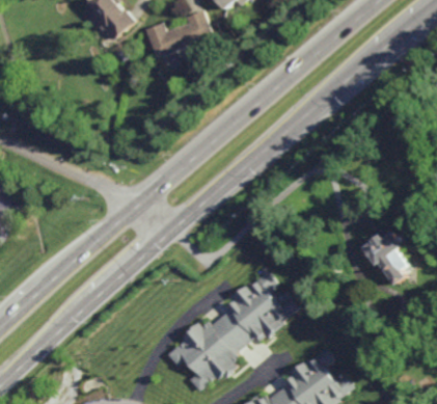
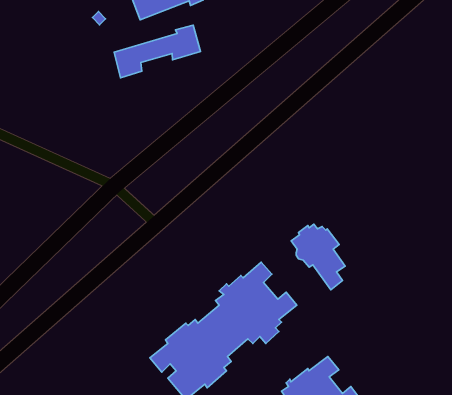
building: none -> [114,25,200,78]
building: [363,227,410,285] -> [291,224,345,290]

